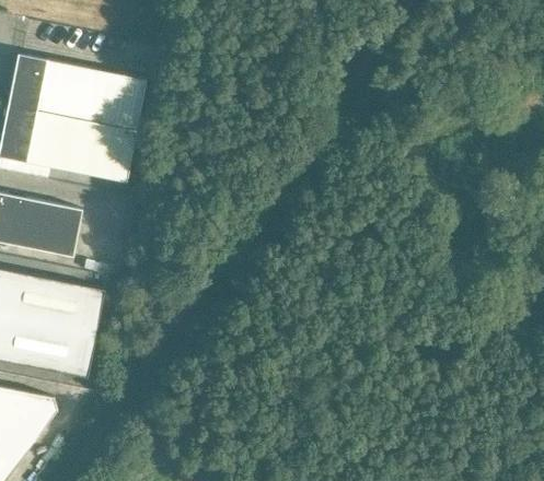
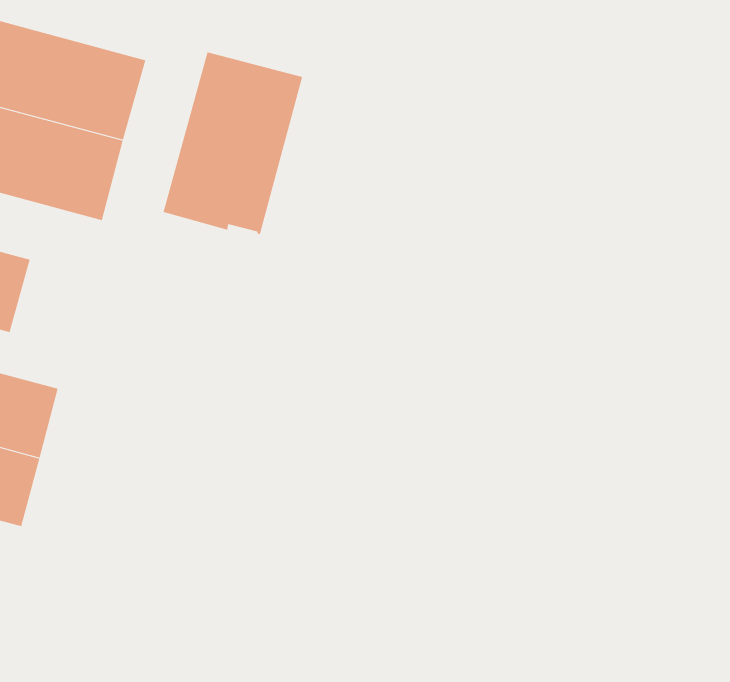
building: none -> [163,52,303,235]

